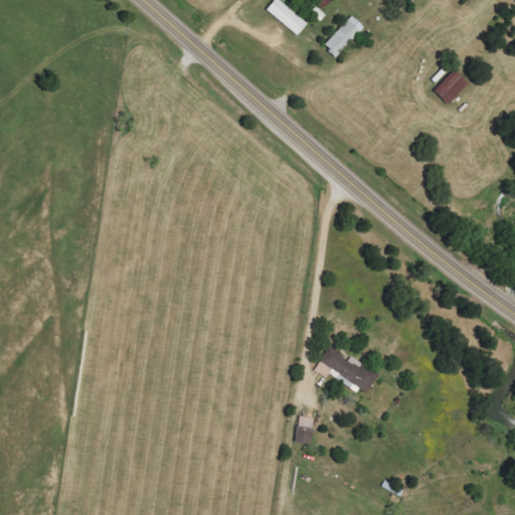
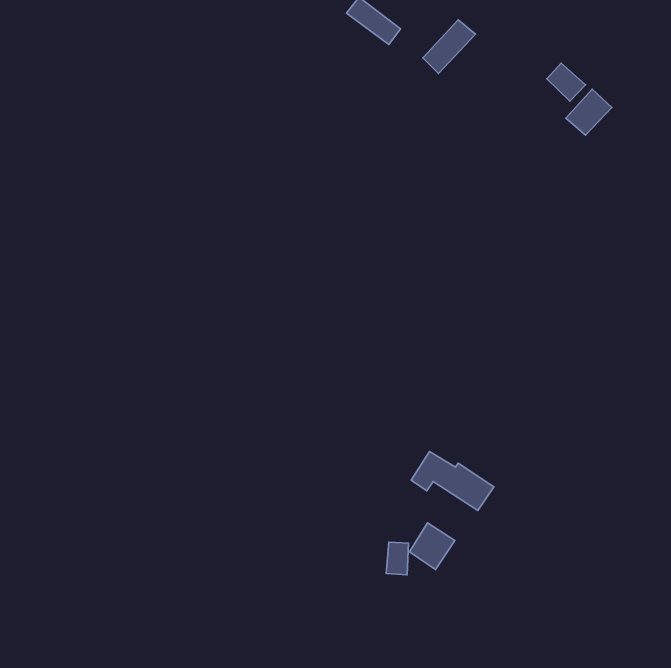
building: none -> [547,63,585,101]
building: none -> [409,523,455,570]

